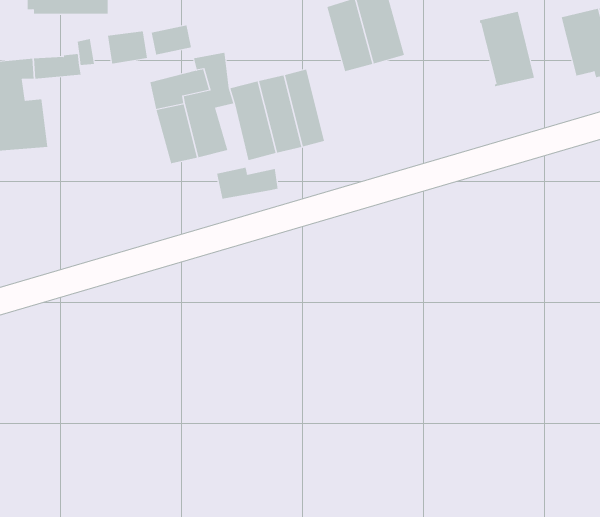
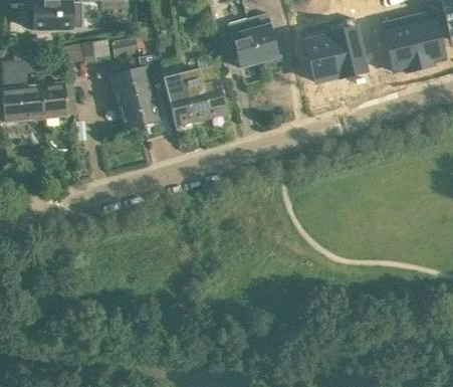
building: none -> [304,35,339,81]
building: none -> [38,82,74,118]
building: [217,167,278,200] -> none

